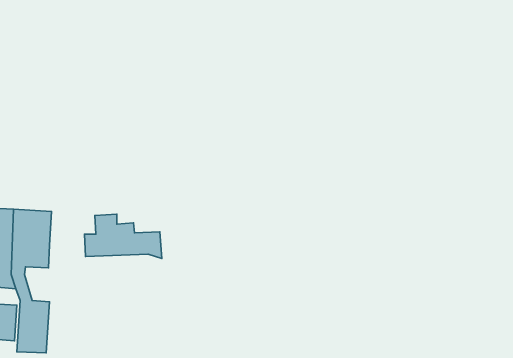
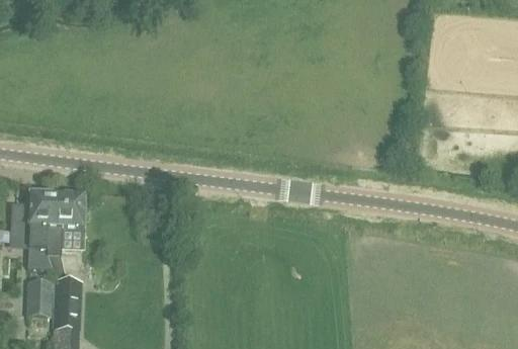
building: [84,214,162,258] -> none

